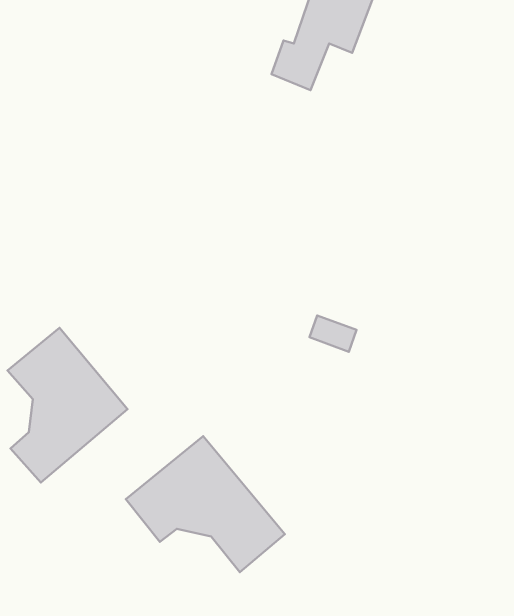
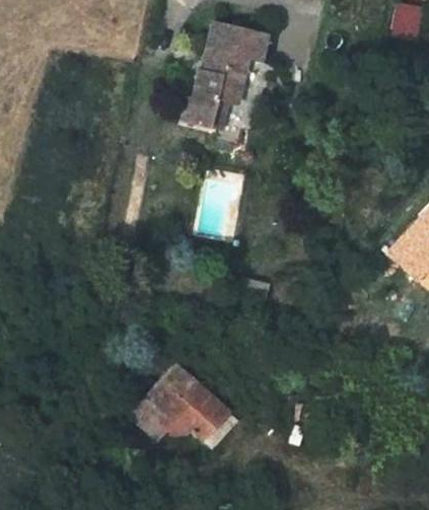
building: [8,328,127,482] -> none

